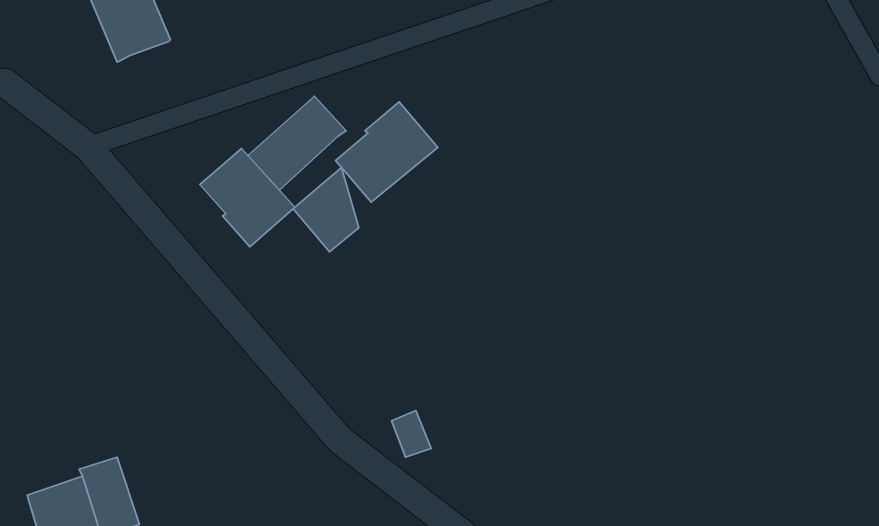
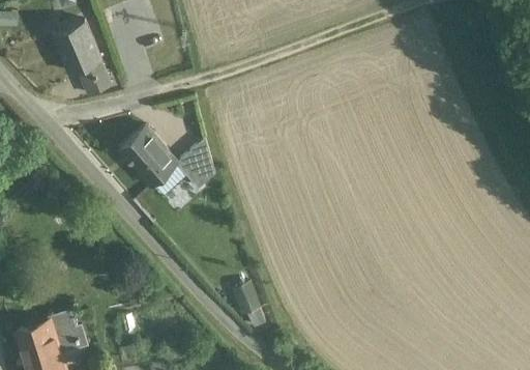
building: none -> [79,61,112,95]
building: [248,96,346,190] -> none
building: [336,102,438,202] -> none

